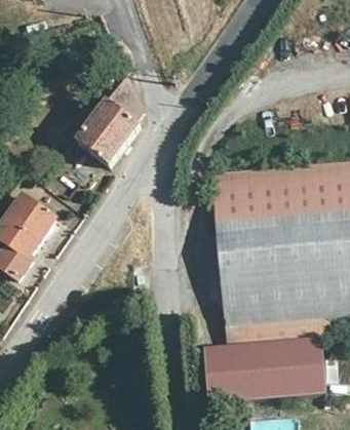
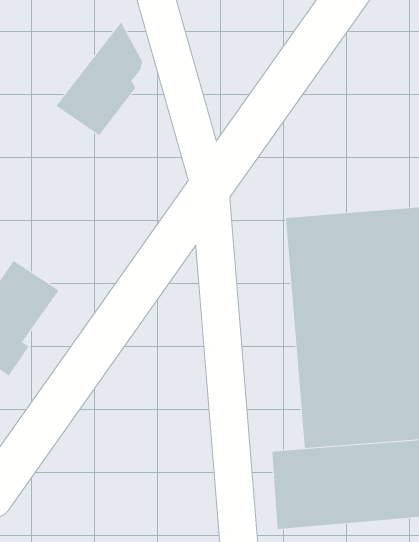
building: [64,82,129,168] -> [56,21,143,136]

